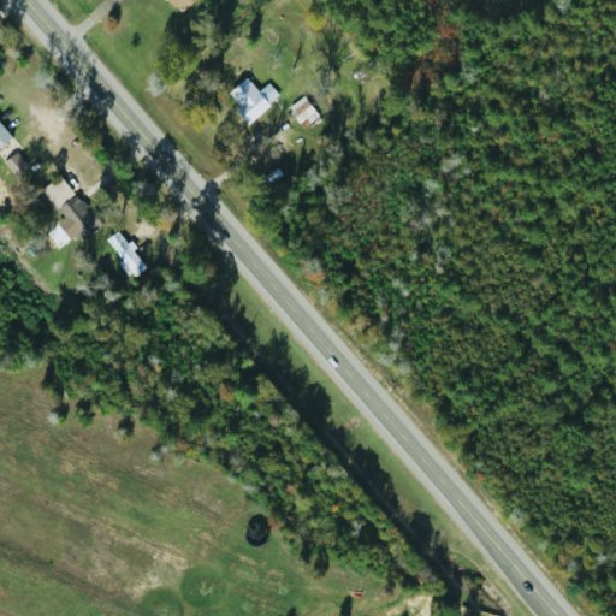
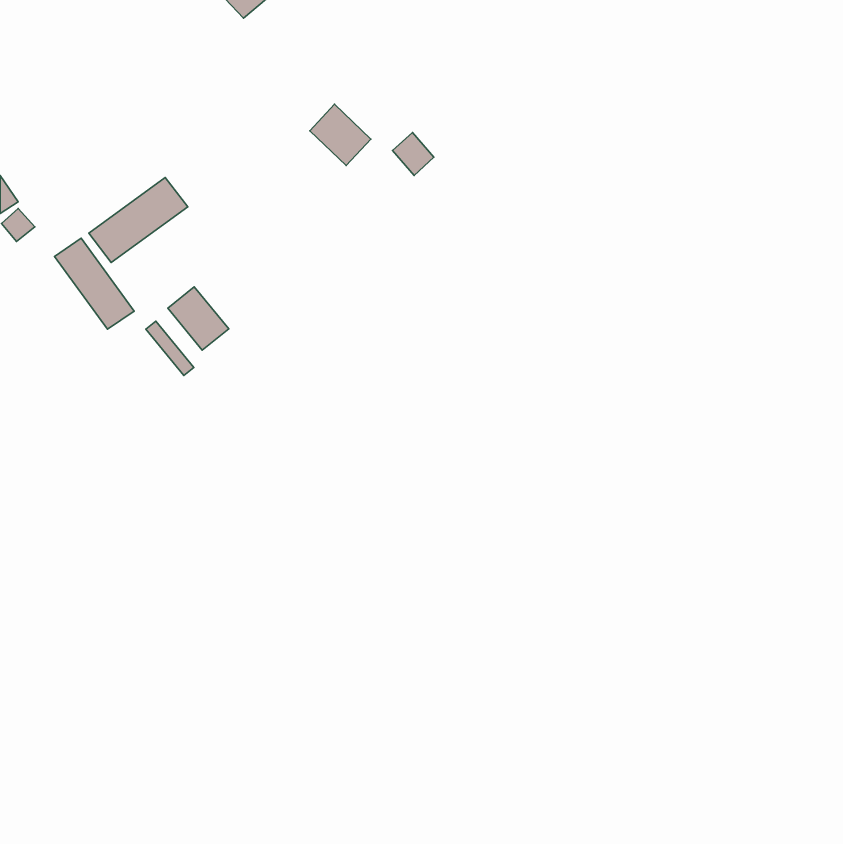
building: none -> [89,177,188,263]
building: none -> [168,287,229,350]

